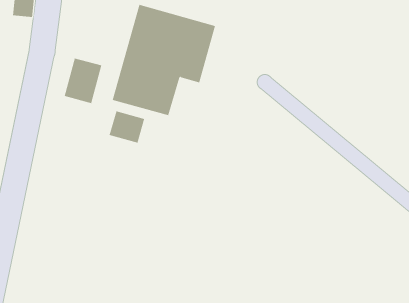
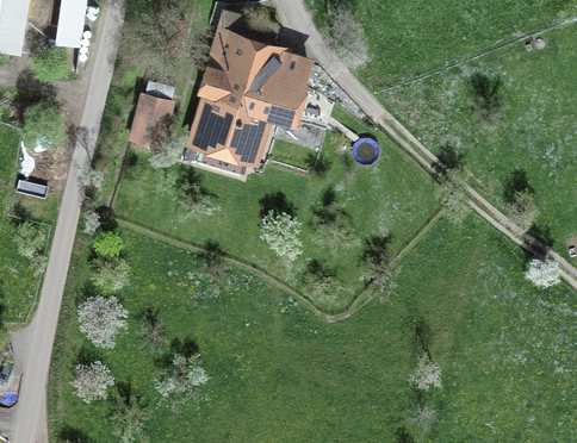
building: [109,110,145,144] -> none

